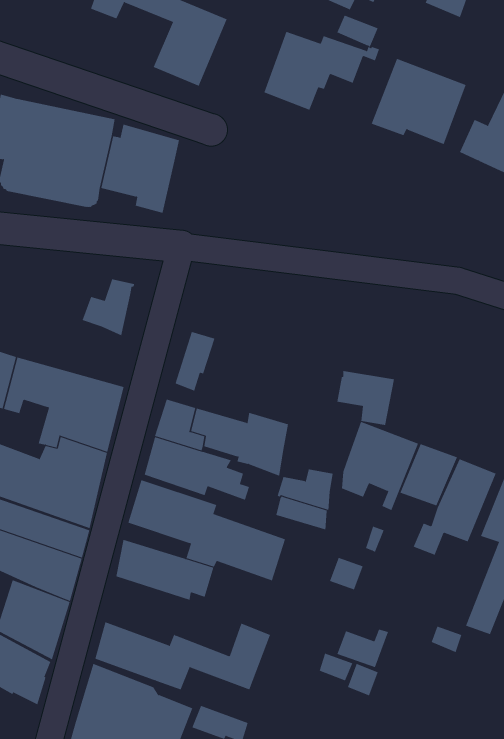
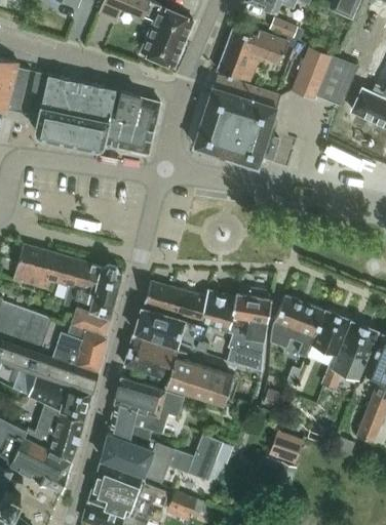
building: none -> [193,76,279,167]
building: [82,278,134,336] -> none
building: [175,331,215,391] -> none
building: [337,370,395,426] -> [231,294,271,332]
building: none -> [108,403,166,450]

